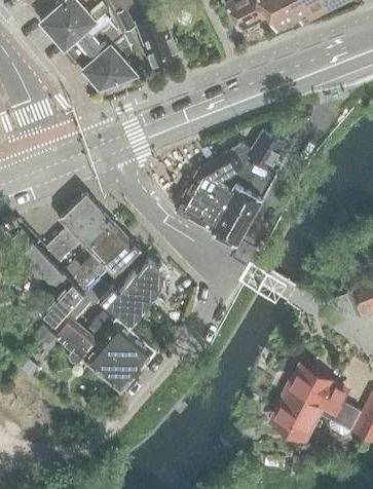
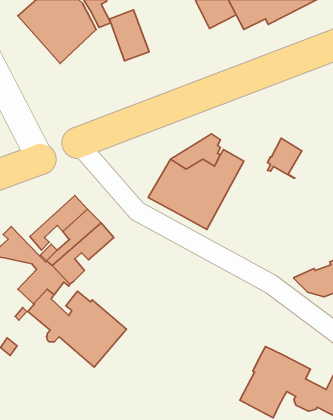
building: [83,34,134,86] -> none
building: [249,130,285,173] -> [268,138,302,178]
building: [45,194,99,252] -> none
building: [98,260,162,324] -> none

